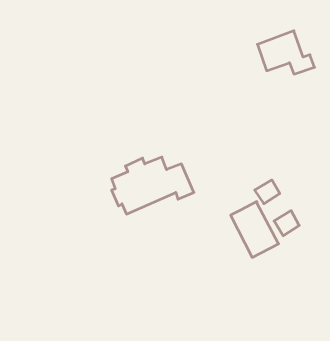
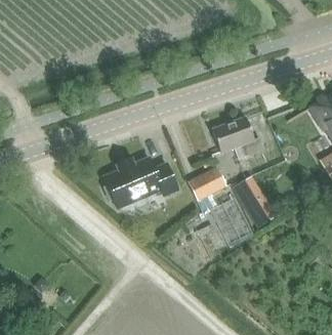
building: [257,31,315,74] -> [213,116,264,155]
building: none -> [189,166,226,200]

